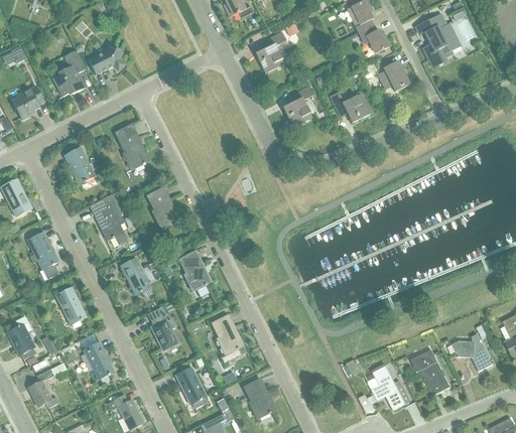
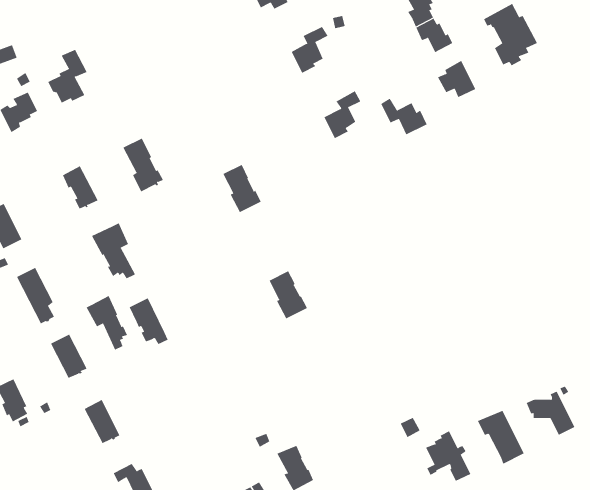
building: [88,44,125,75] -> none
building: [146,186,178,227] -> [223,164,261,213]
building: [178,251,211,291] -> [269,271,308,319]
building: none -> [86,295,128,351]
building: [148,307,177,350] -> none
building: [212,315,243,354] -> none
building: [31,364,66,408] -> none
building: [176,367,207,409] -> none

